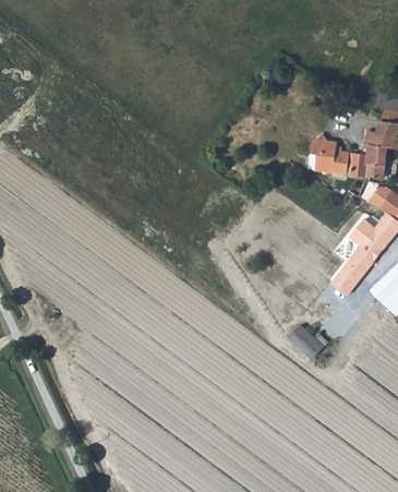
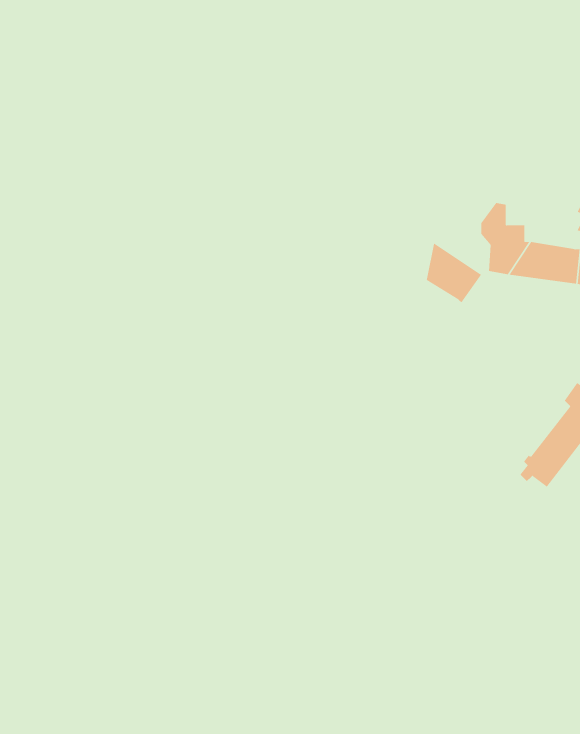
building: none -> [426,242,482,303]
building: [289,325,321,359] -> none

